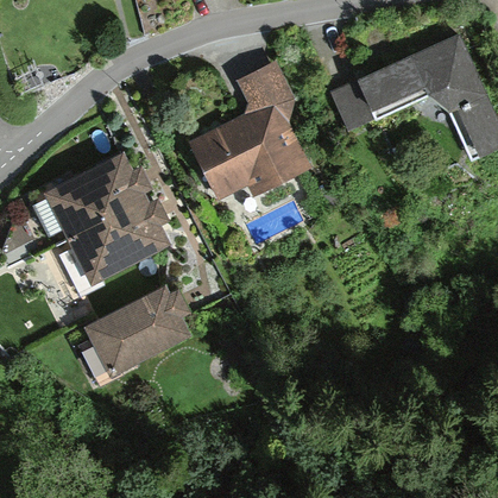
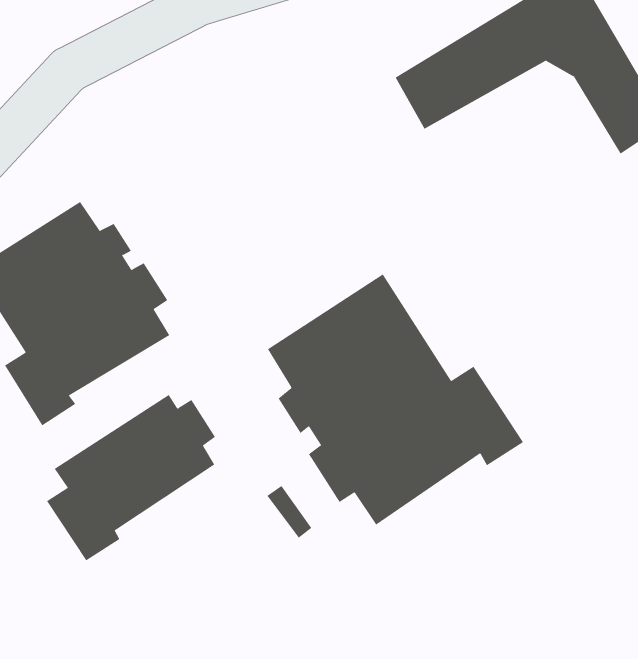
building: [190,59,311,198] -> none
building: none -> [267,274,524,526]

